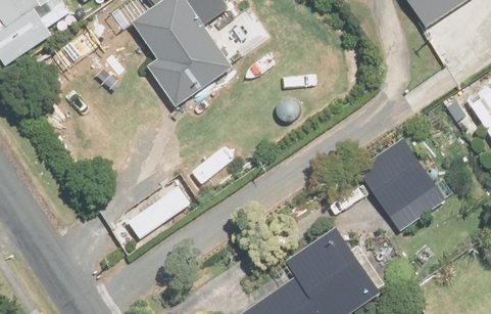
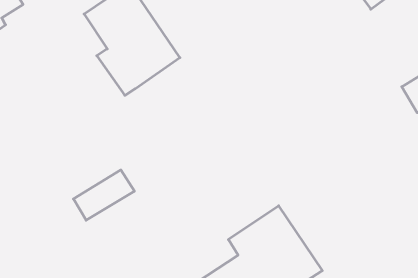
building: [353,136,444,231] -> none

